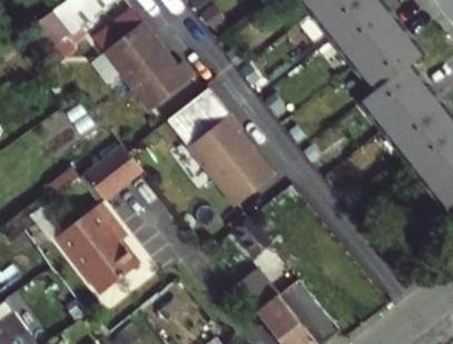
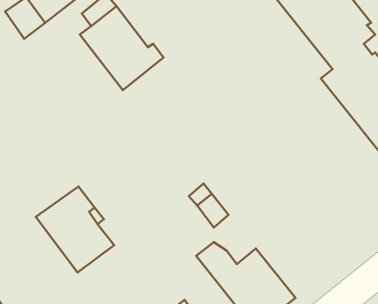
building: [169,86,275,206] -> none
building: [85,145,141,195] -> none

